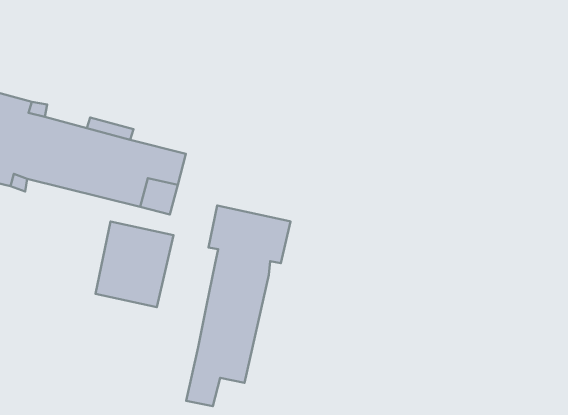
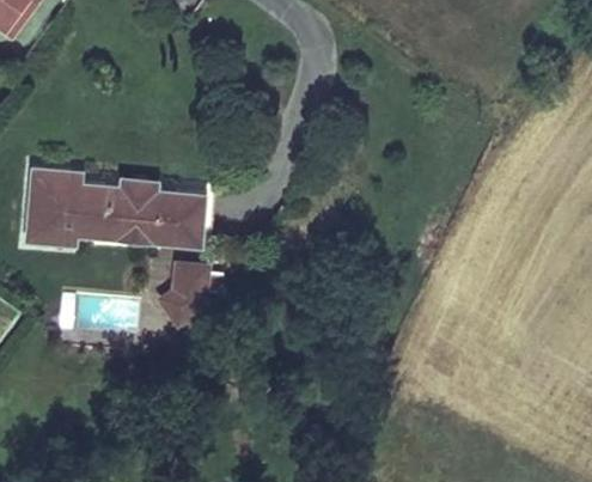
building: [186,206,291,406] -> none

